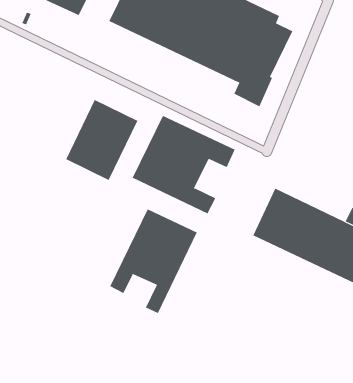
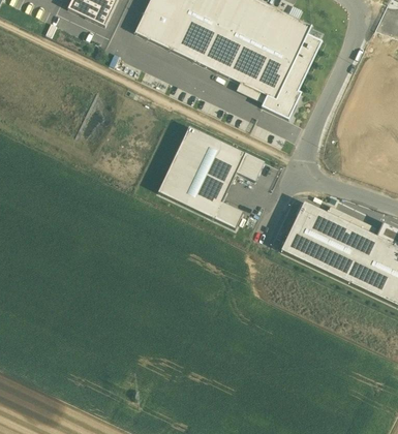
building: [66,99,138,181] -> none
building: [109,208,197,314] -> none

